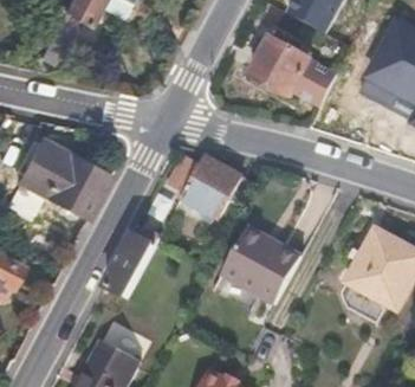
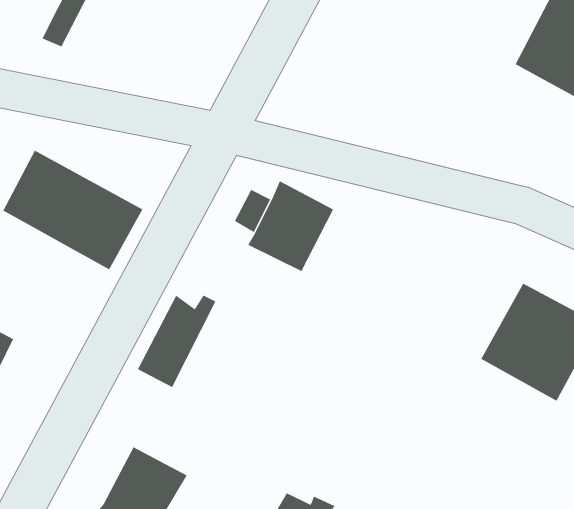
building: [251,38,336,108] -> none
building: [222,227,304,304] -> none

